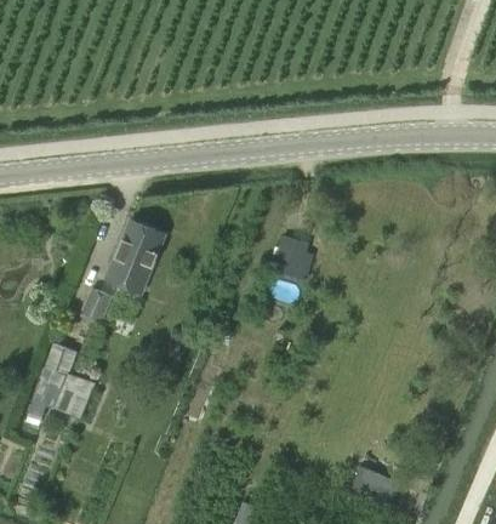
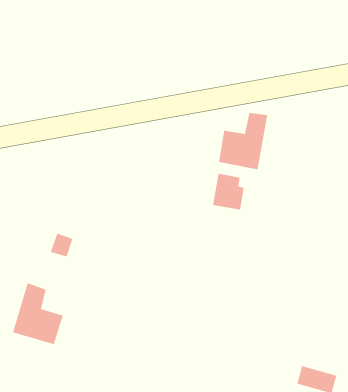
building: none -> [218,112,268,170]
building: [104,222,163,294] -> none

